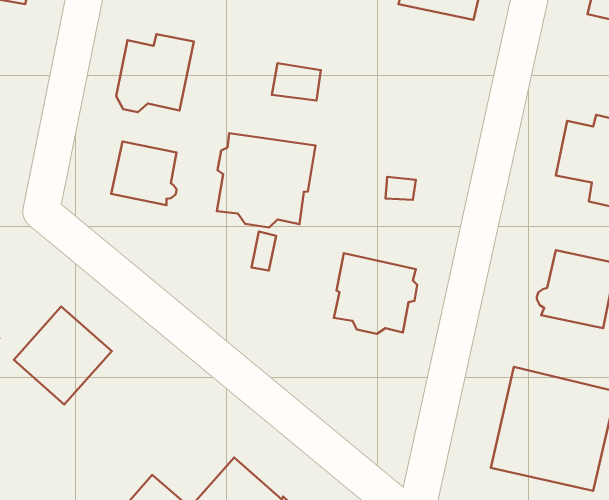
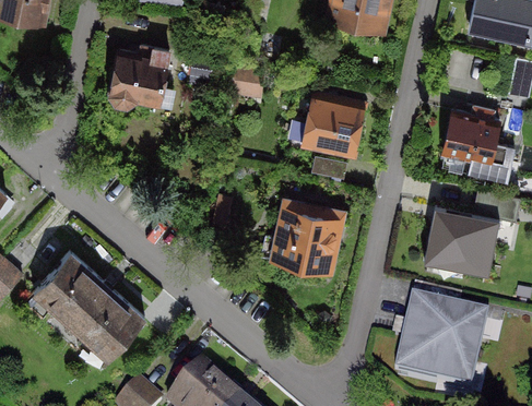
building: none -> [303,94,363,153]
building: [217,133,316,227] -> none
building: [111,142,177,205] -> none
building: none -> [71,286,143,366]

